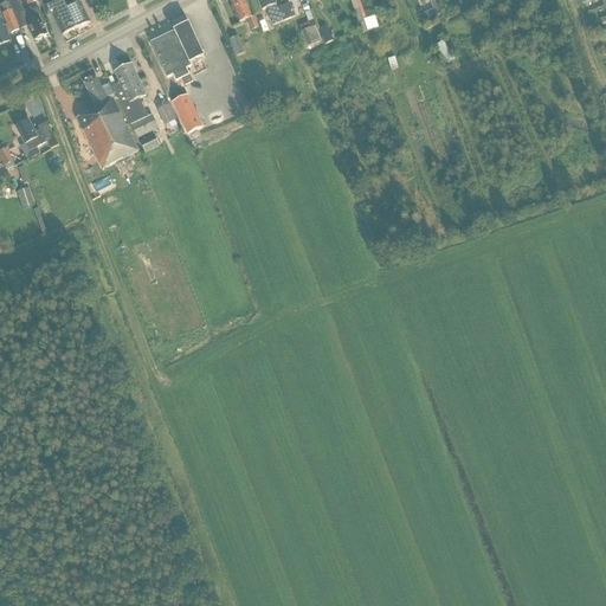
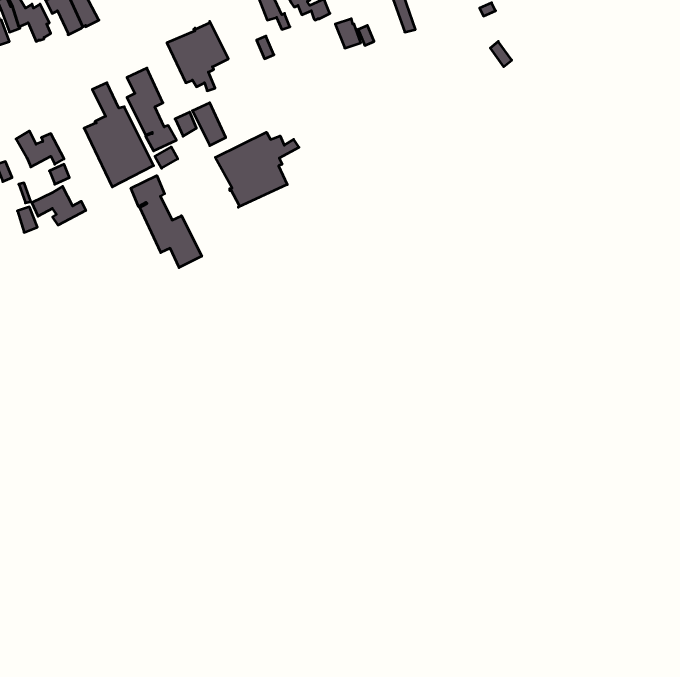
building: none -> [215,132,299,207]
building: none -> [131,176,202,268]
building: none -> [32,186,86,225]

